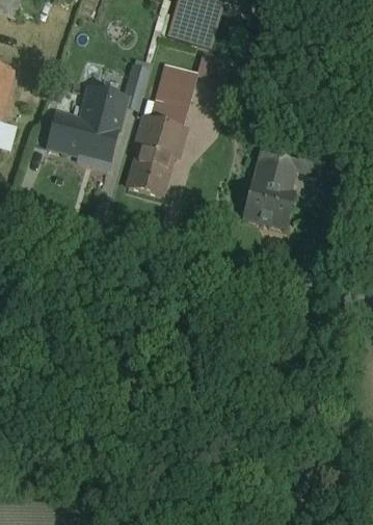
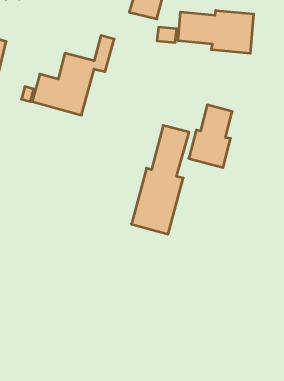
building: none -> [178,10,254,53]
building: [126,61,197,196] -> [131,125,189,234]

